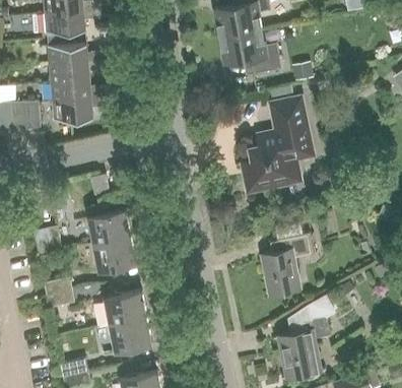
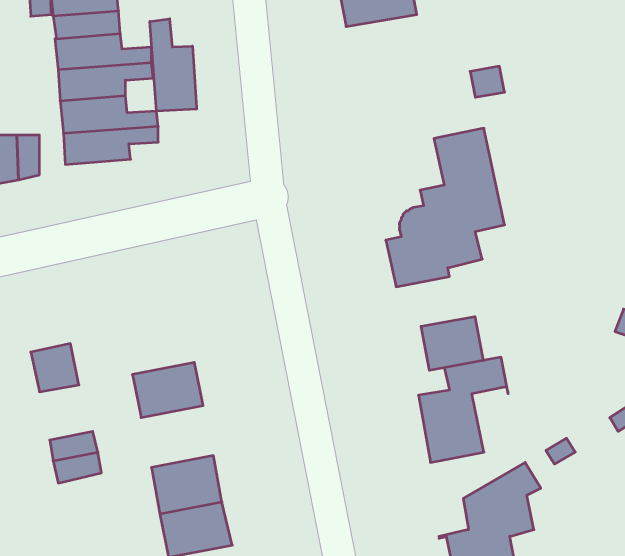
building: [218,31,280,76] -> none
building: none -> [150,19,197,111]
building: none -> [421,317,483,370]
building: [87,210,129,244] -> none

